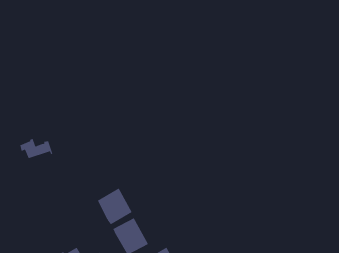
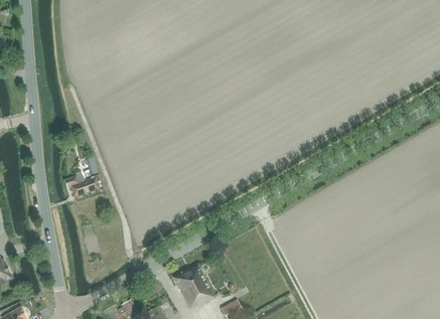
building: [97,187,133,225] -> none

